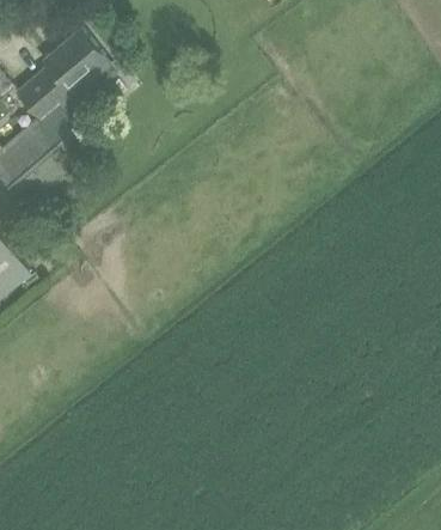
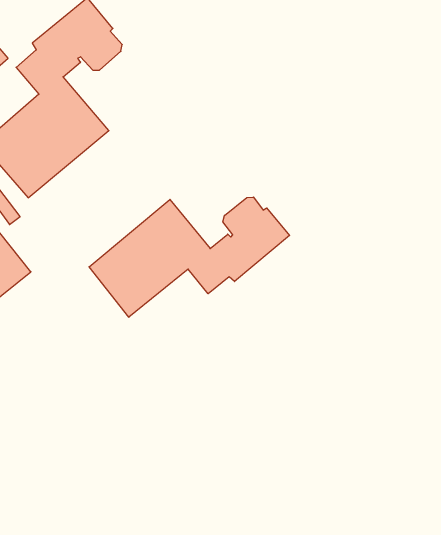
building: none -> [89,197,290,317]

